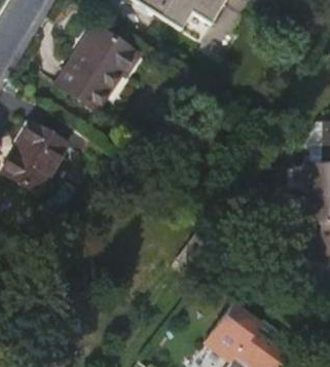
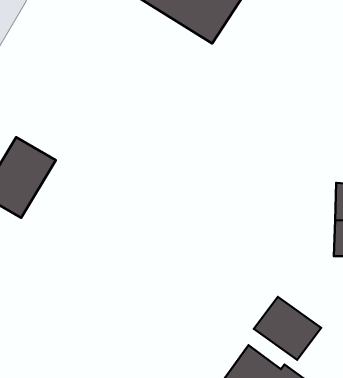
building: [59,26,140,104] -> none
building: none -> [254,297,321,360]

